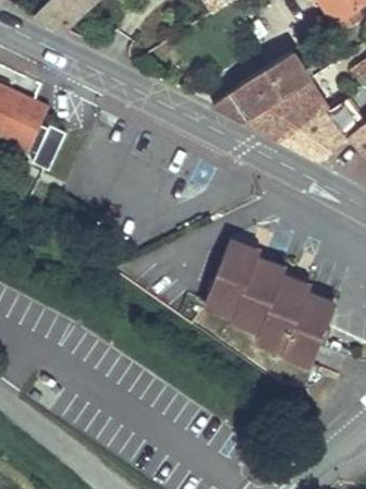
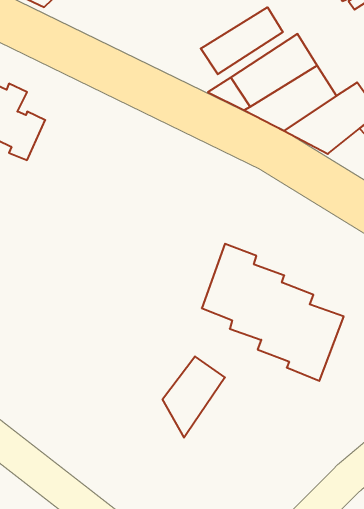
building: none -> [201,7,283,74]
building: none -> [163,356,225,438]

